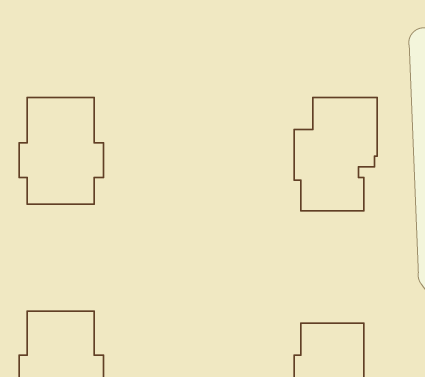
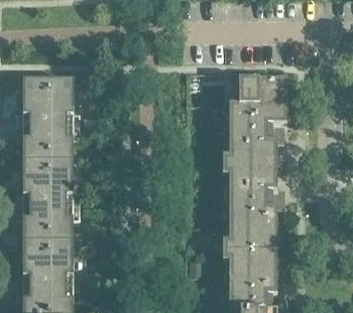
building: none -> [16,156,80,237]
building: none -> [224,162,284,246]

